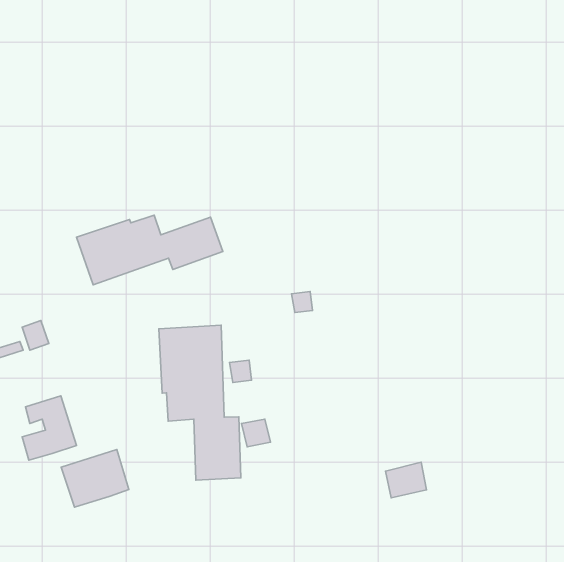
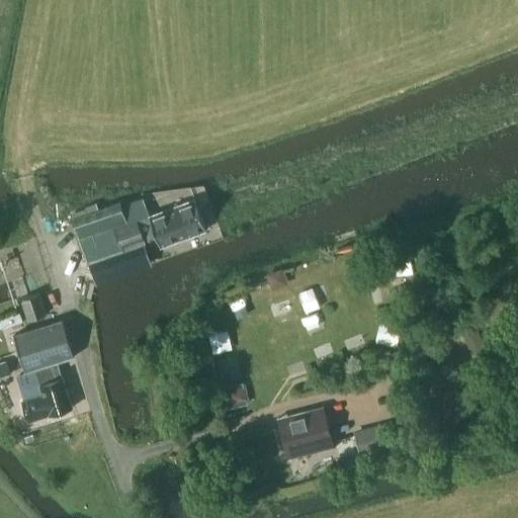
building: [159,325,241,480] -> none
building: none -> [277,406,333,456]
building: [61,449,129,507] -> [11,323,73,375]

